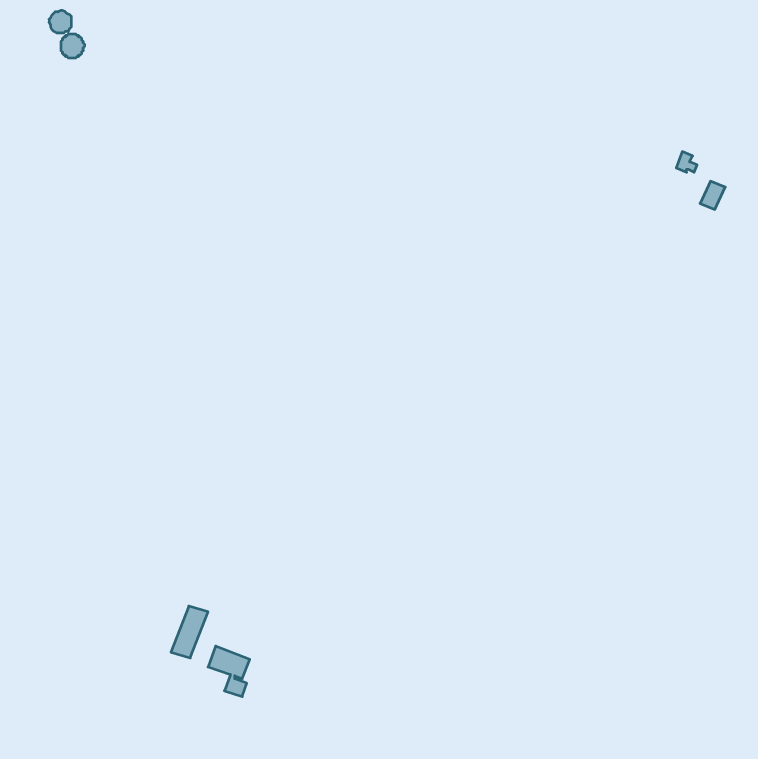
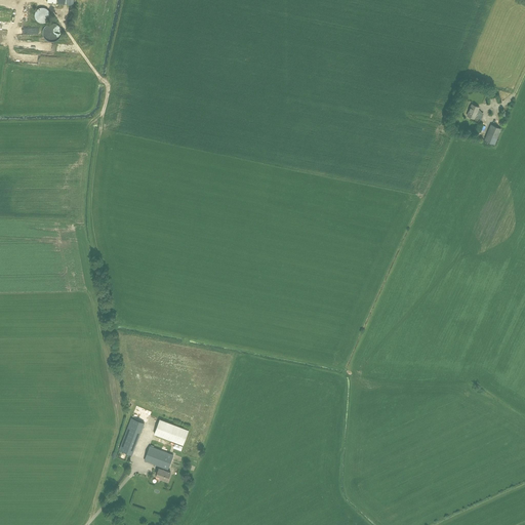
building: none -> [154,419,188,445]

